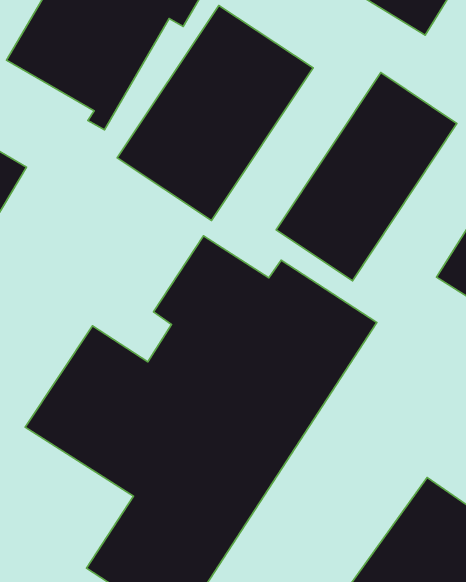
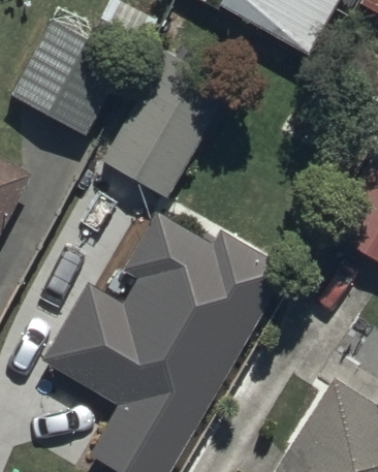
building: [276,73,457,281] -> none

